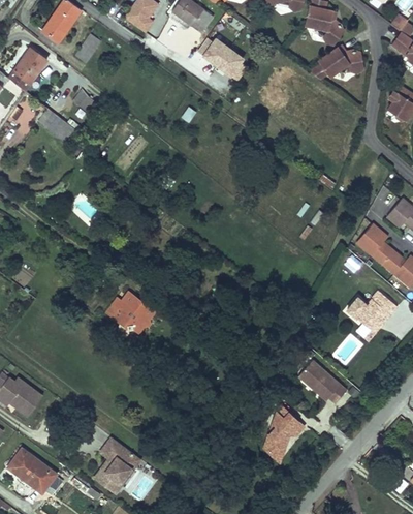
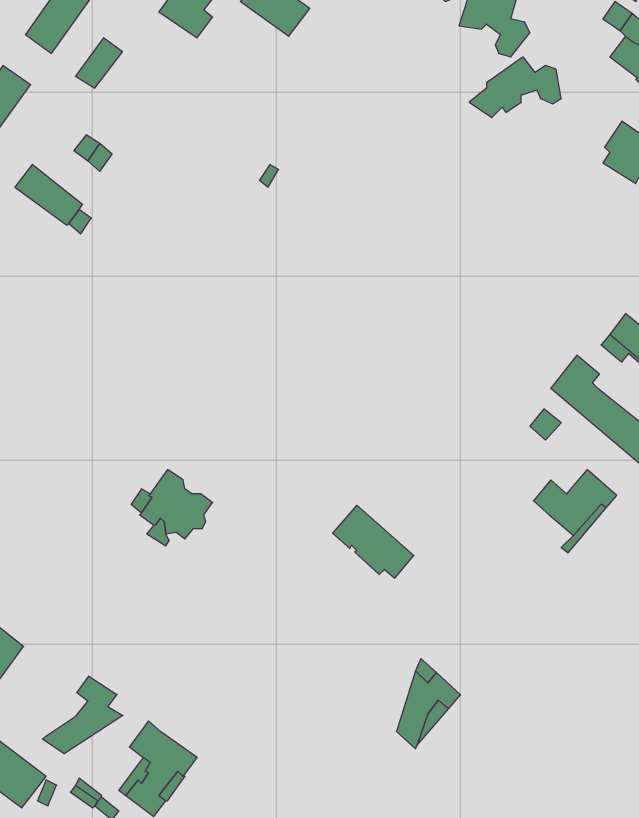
building: [195,33,244,78] -> none
building: [297,359,346,402] -> [332,505,414,578]
building: none -> [42,676,123,754]

